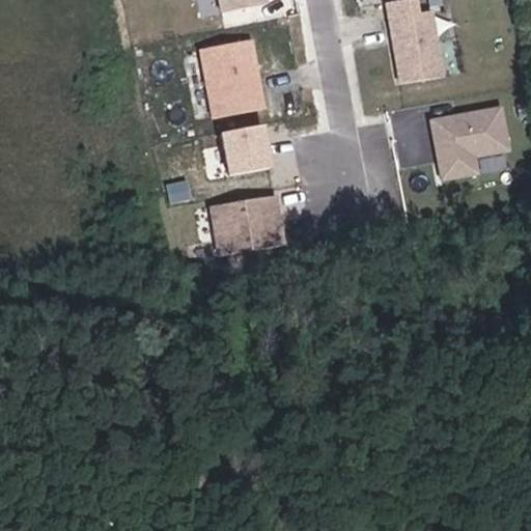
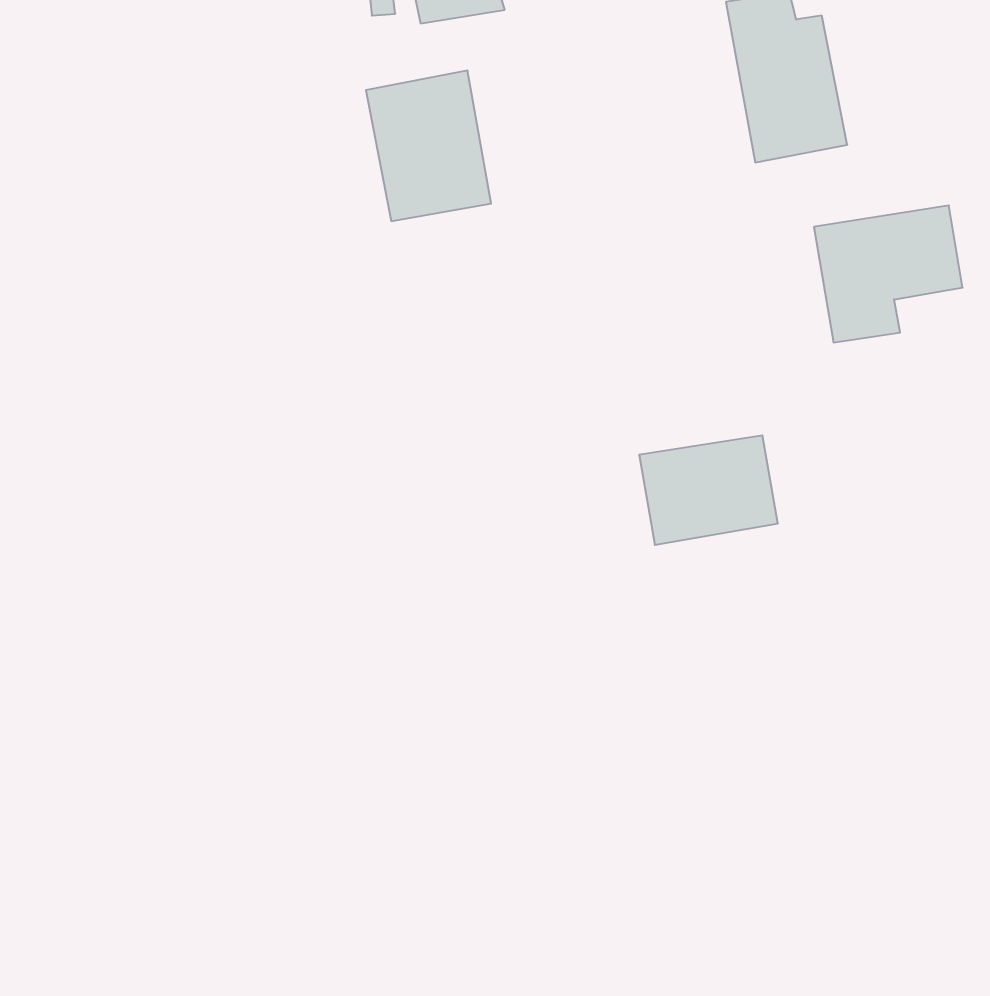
building: [216,122,270,172] -> none
building: [225,192,299,250] -> [639,435,778,545]

